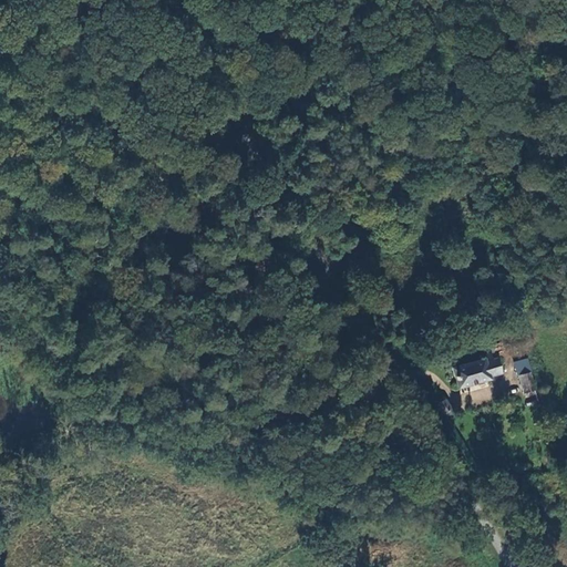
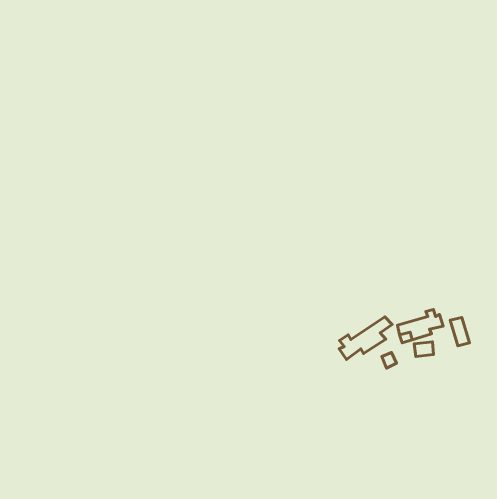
building: none -> [339,317,392,360]

